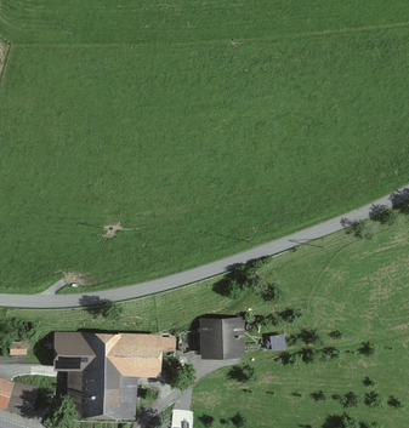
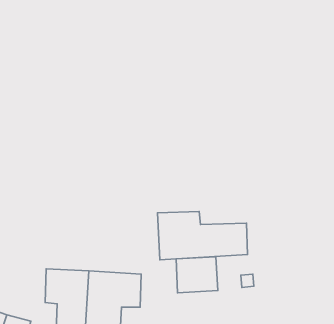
building: none -> [157,211,248,260]

